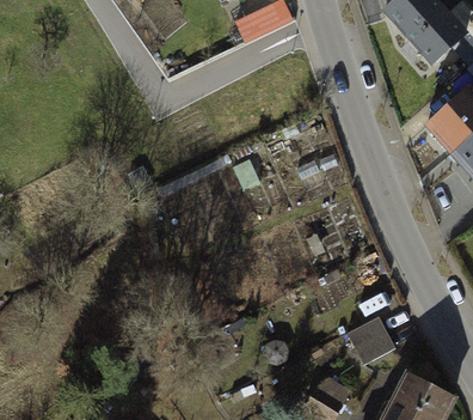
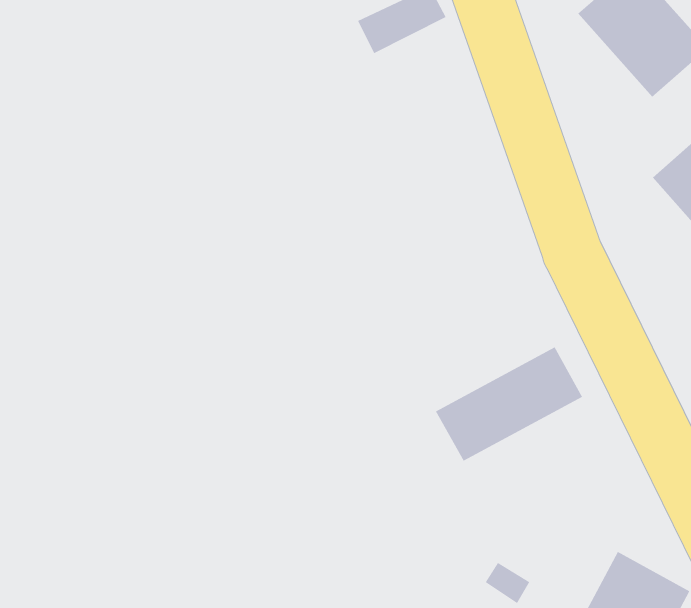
building: none -> [435,347,583,461]
building: [349,314,397,361] -> none

